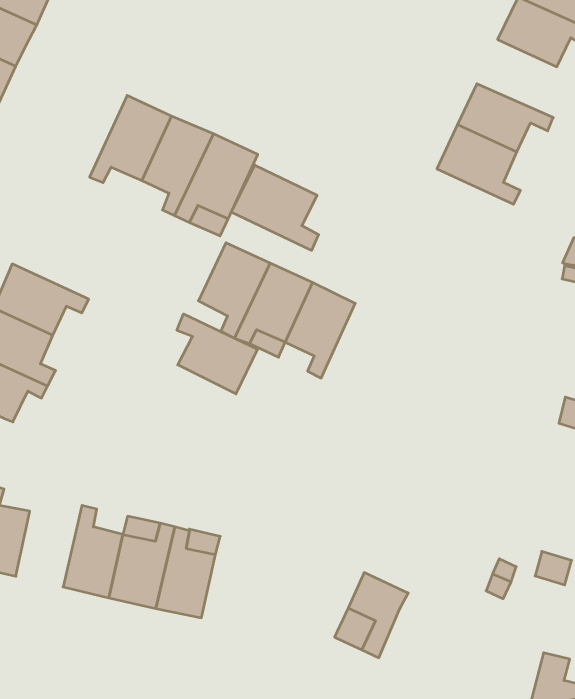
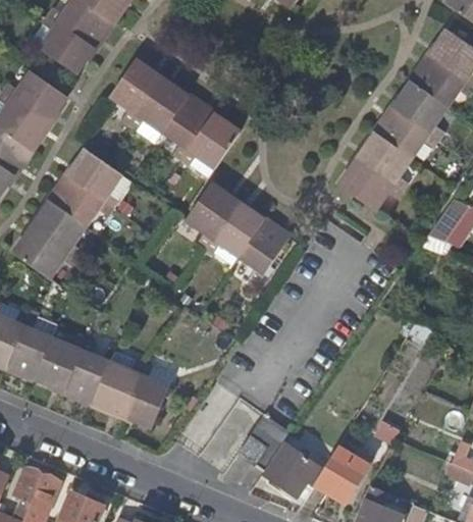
building: none -> [391,82,445,139]
building: none -> [108,58,162,125]
building: [231,165,319,250] -> none
building: none -> [337,159,402,210]
building: none -> [68,148,122,205]
building: [177,314,257,394] -> none
building: none -> [36,334,87,389]
building: none -> [312,453,368,494]
building: none -> [262,441,306,495]

